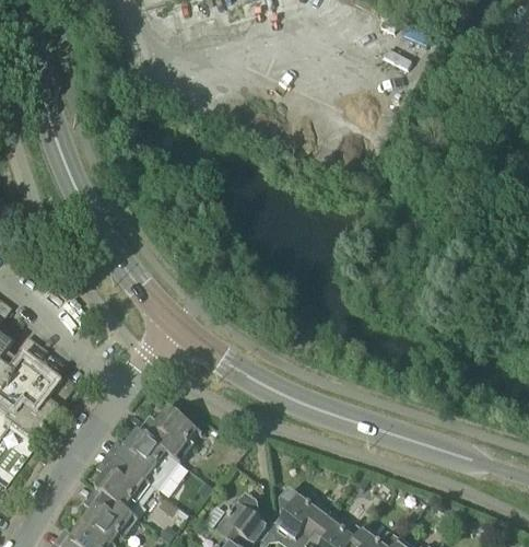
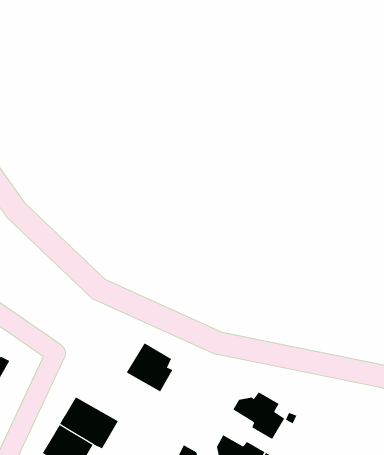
building: [144,409,195,464] -> [126,342,173,392]
building: none -> [232,391,290,440]

